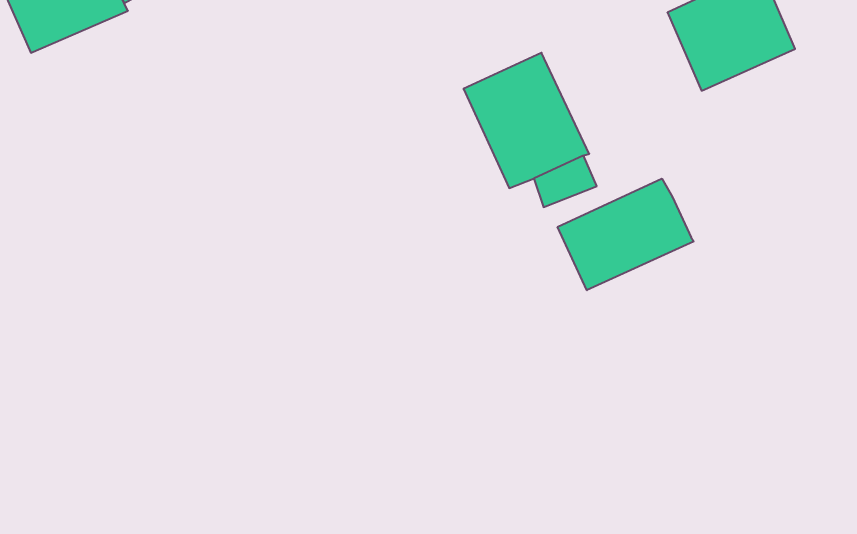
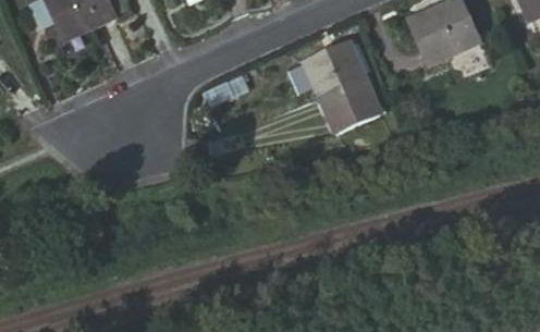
building: [558,179,694,290] -> none

